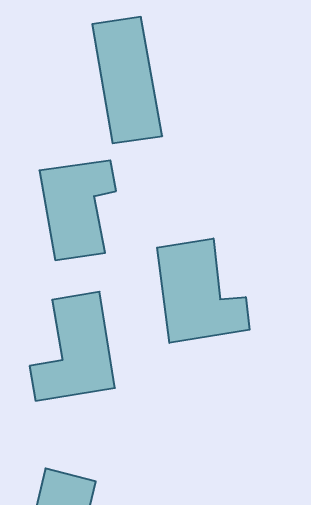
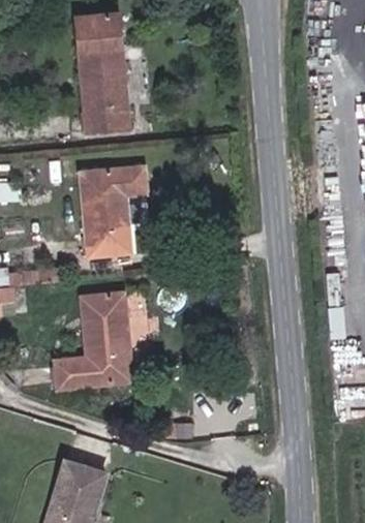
building: [92,17,162,143] -> [72,12,131,132]
building: [157,238,250,343] -> none

